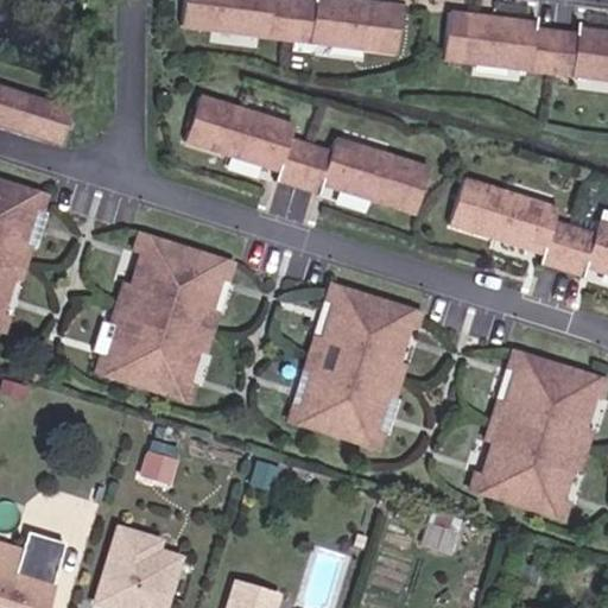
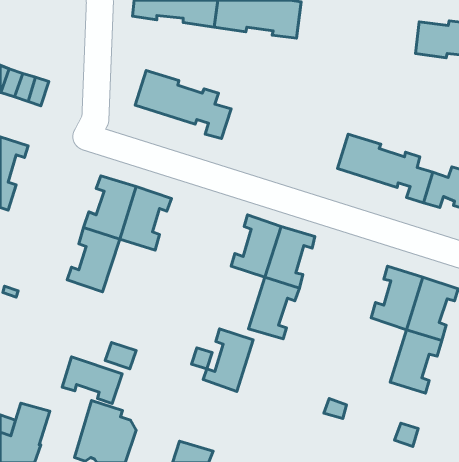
building: [442,10,555,71] -> none
building: [296,137,428,211] -> none
building: [140,315,209,398] -> none
building: [287,350,353,432] -> [203,329,253,391]
building: [470,418,538,502] -> none
building: none -> [62,357,122,403]

